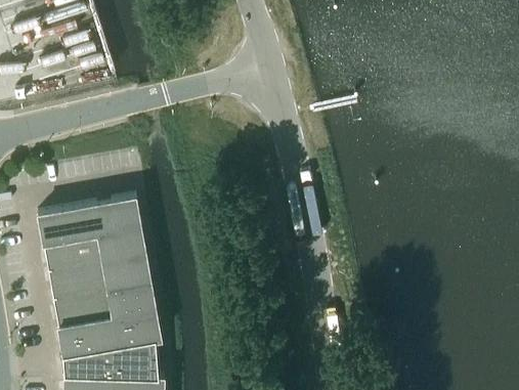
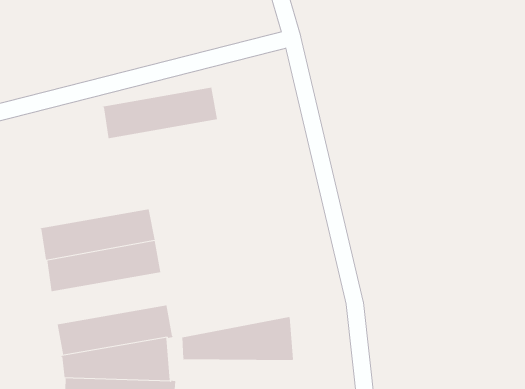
building: [38,194,141,241] -> [102,87,219,139]
building: [52,279,157,326] -> none
building: none -> [181,316,294,361]

